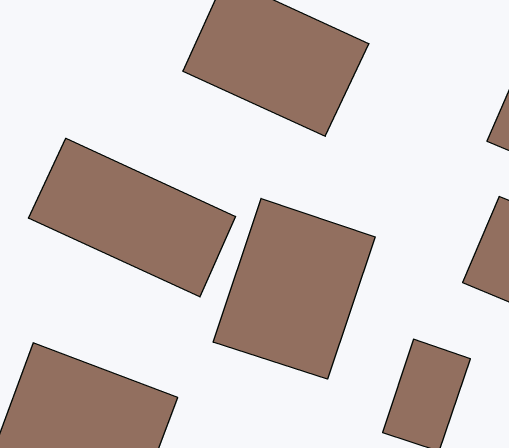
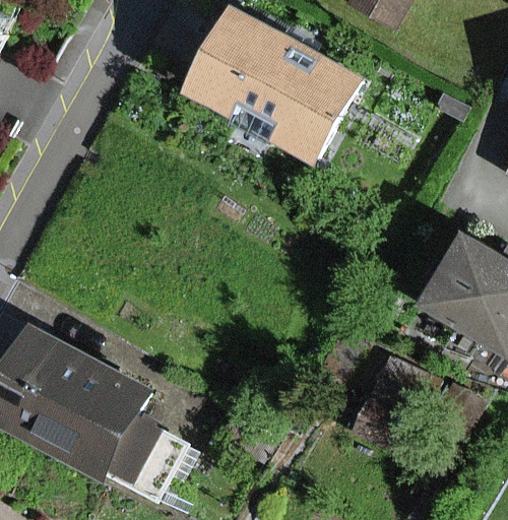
building: [29,138,235,297] -> none
building: [213,198,375,379] -> none

